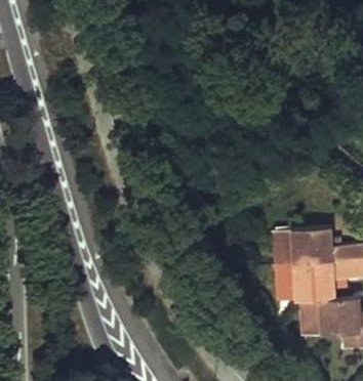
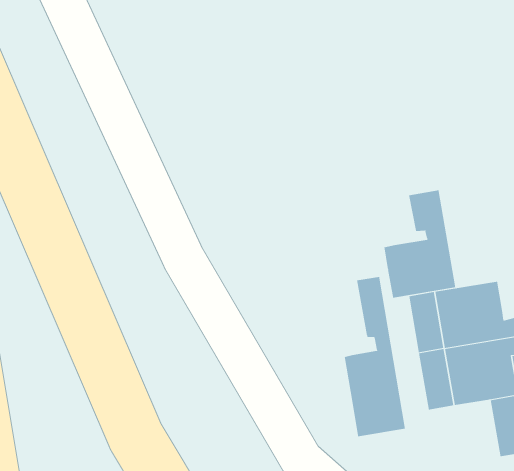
building: none -> [384,190,456,299]
building: none -> [344,276,406,437]

